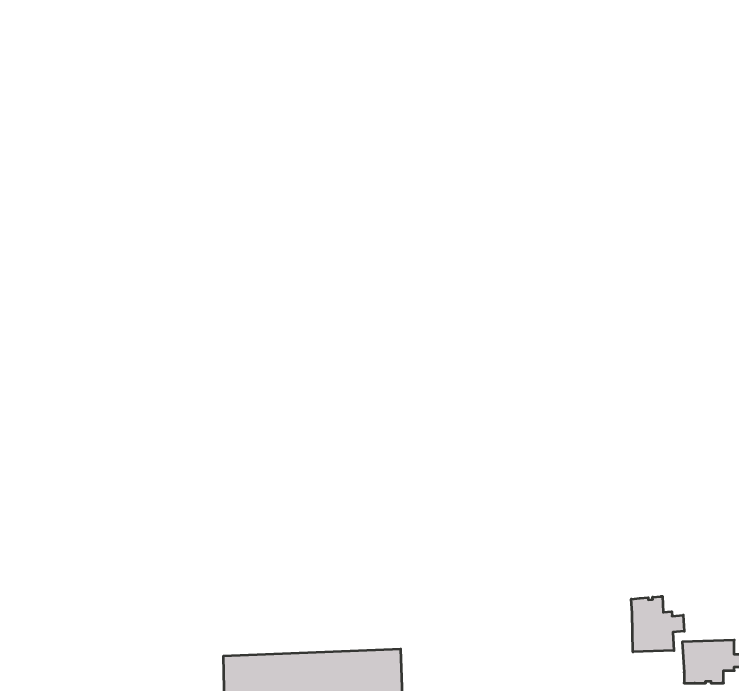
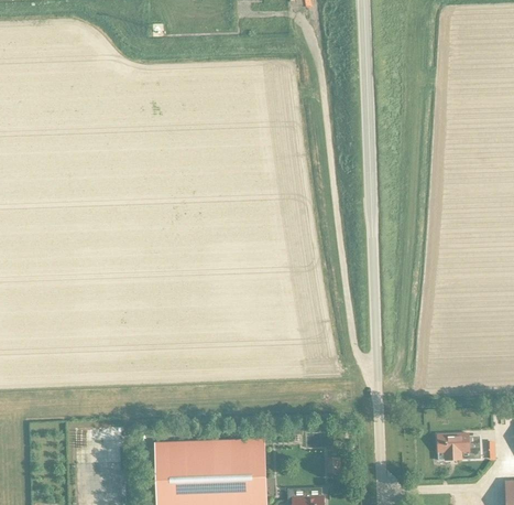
building: [631,596,684,652] -> none

